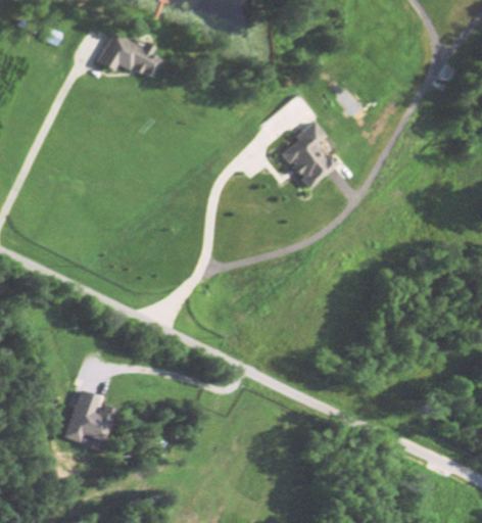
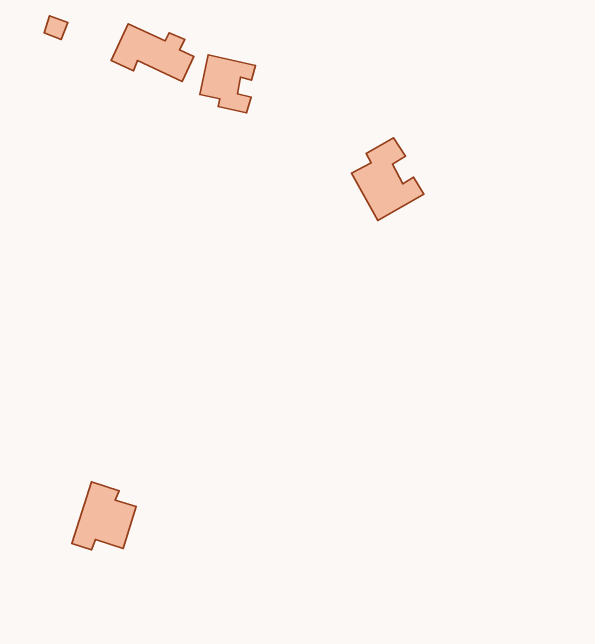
building: none -> [200,55,255,113]

